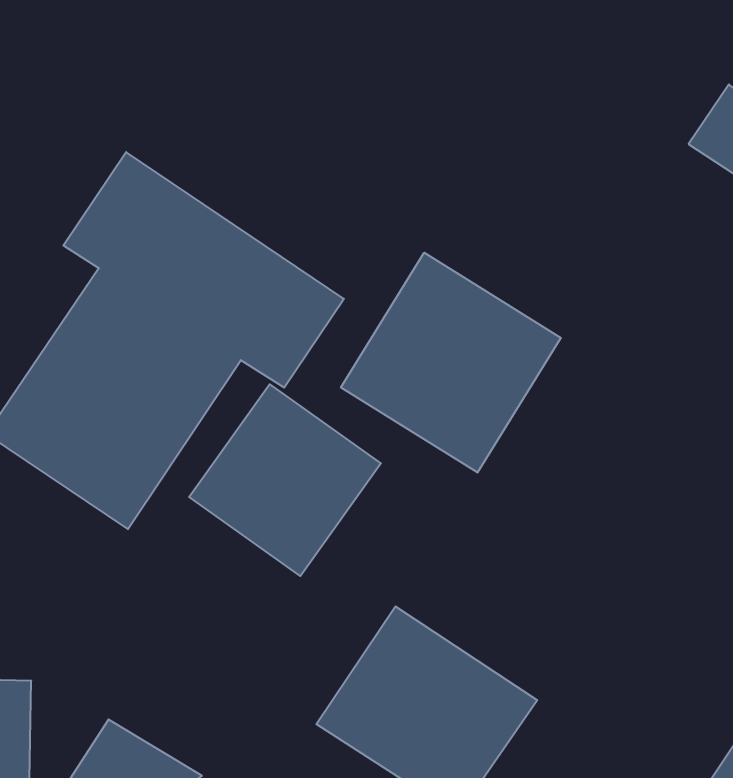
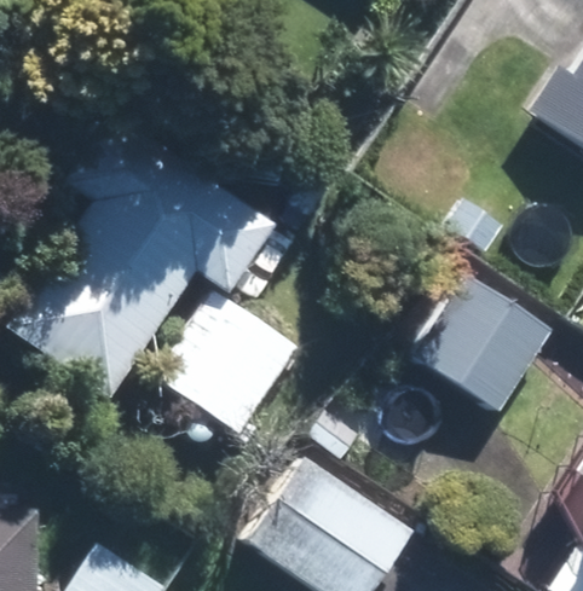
building: [341,253,561,473] -> none
building: none -> [416,276,554,410]

